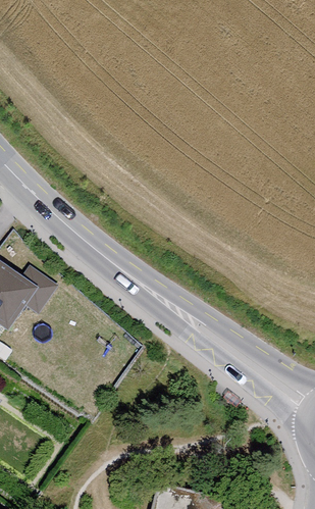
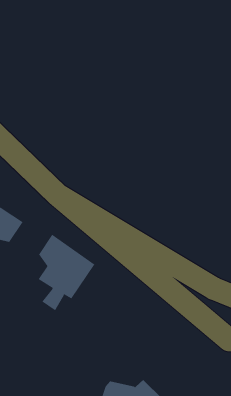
building: none -> [38,234,95,311]

